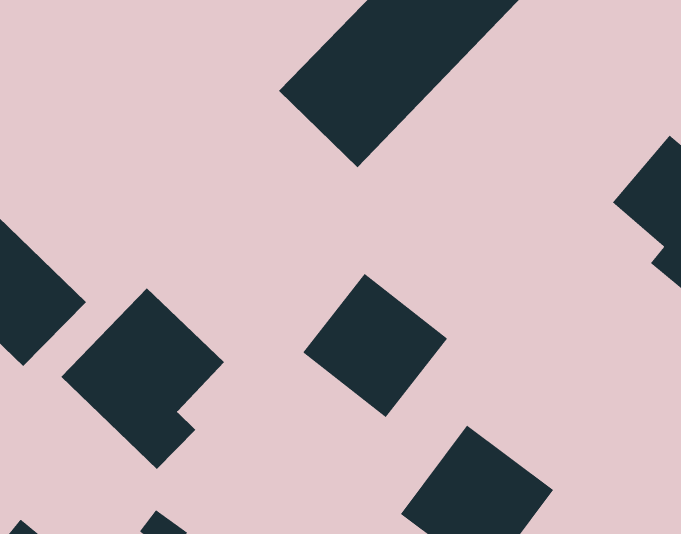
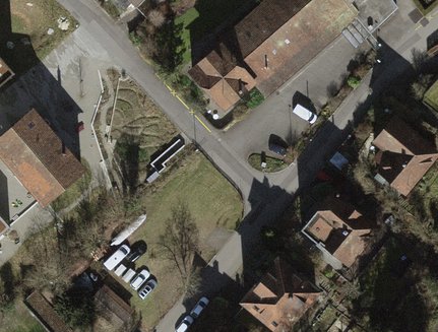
building: [302,273,448,418] -> [301,190,380,269]
building: [61,287,225,470] -> none

